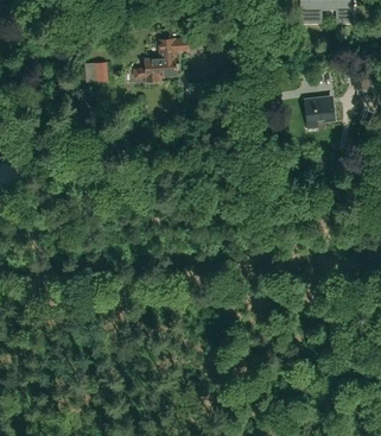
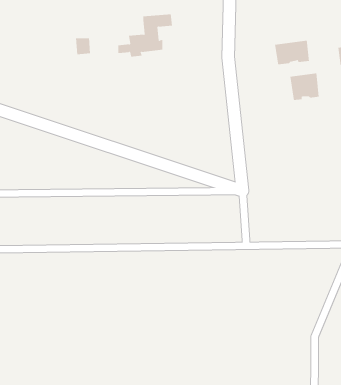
building: none -> [274,40,309,65]

